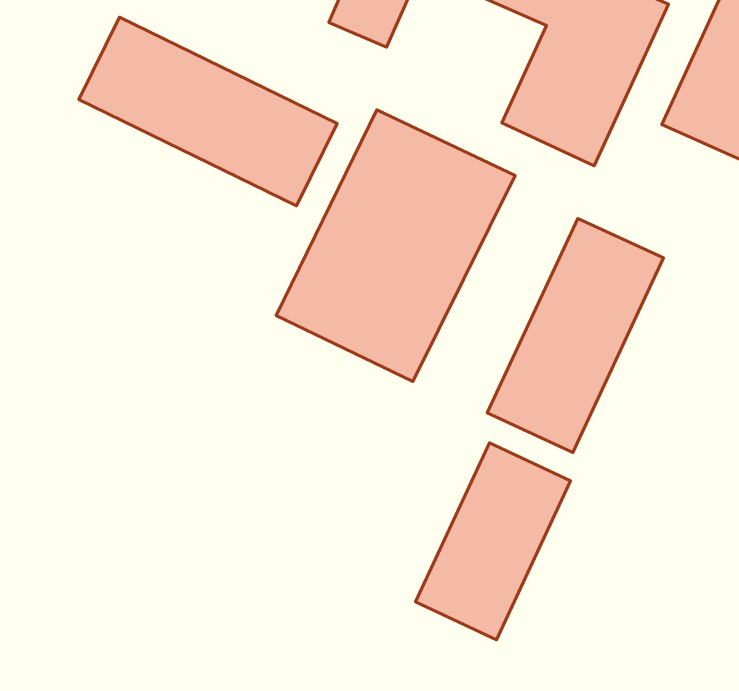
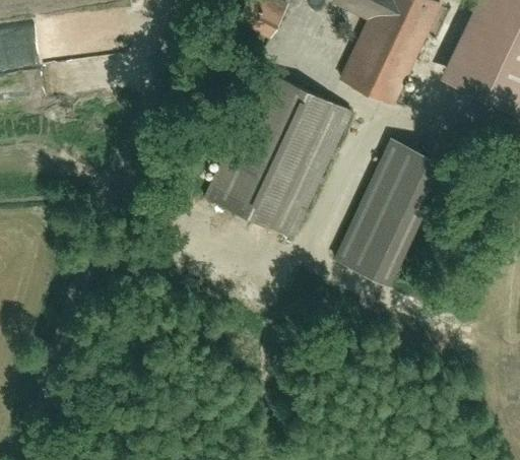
building: [79,17,337,206] -> none
building: [415,443,571,640] -> none

